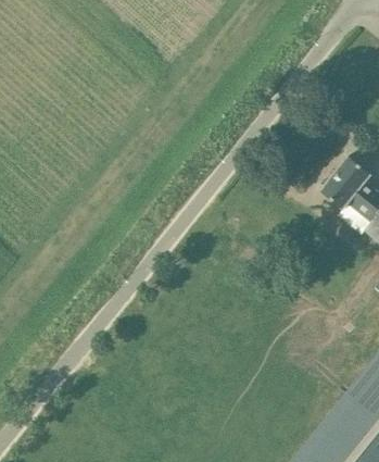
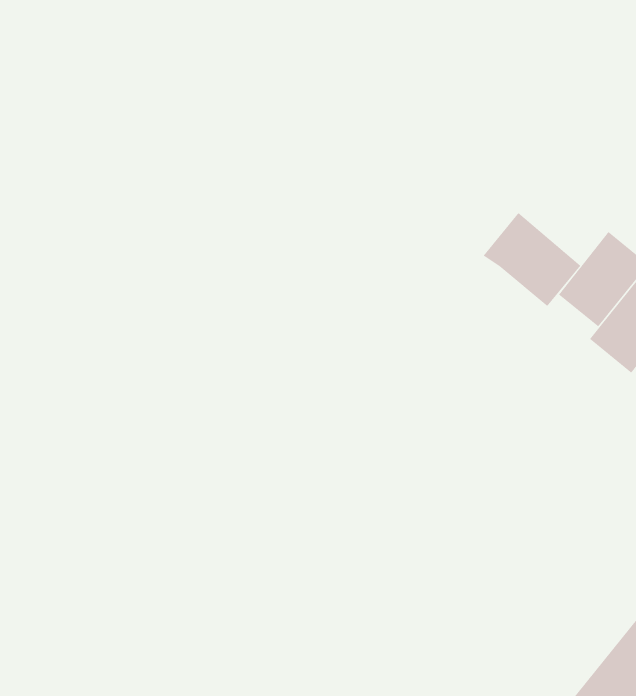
building: none -> [483,212,581,307]

